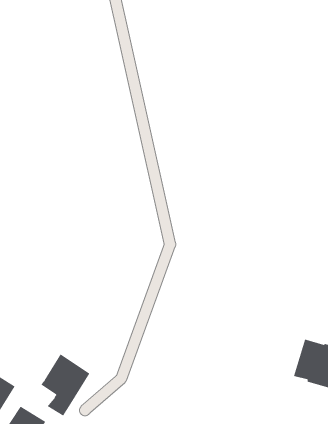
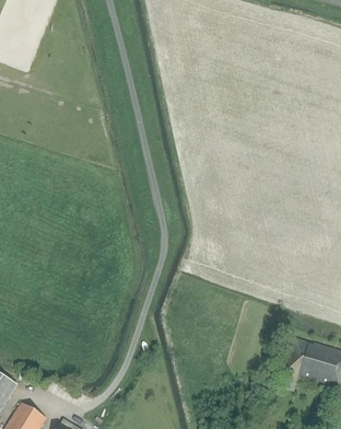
building: [41,354,90,416] -> none

